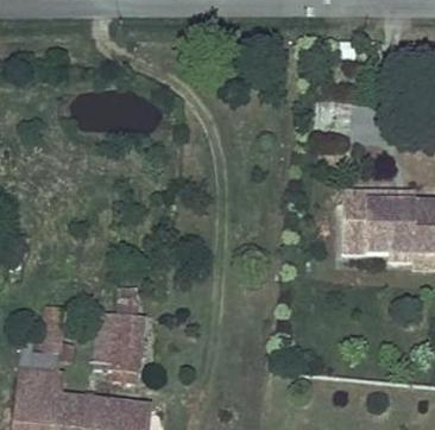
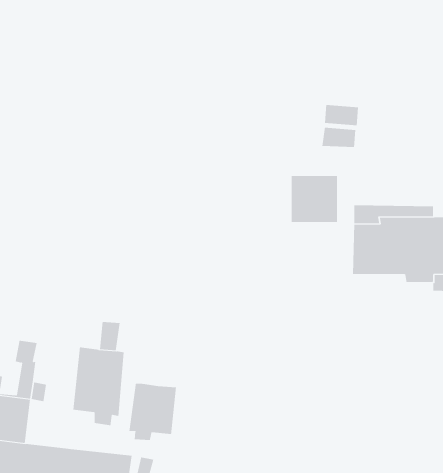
building: none -> [291,175,337,223]
building: none -> [129,383,176,441]

